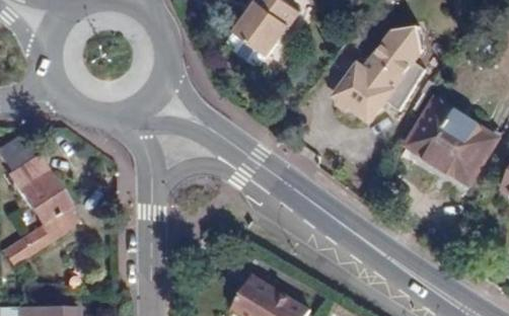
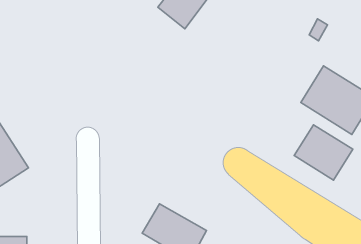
building: [335,27,423,120] -> none
building: none -> [294,125,353,180]

